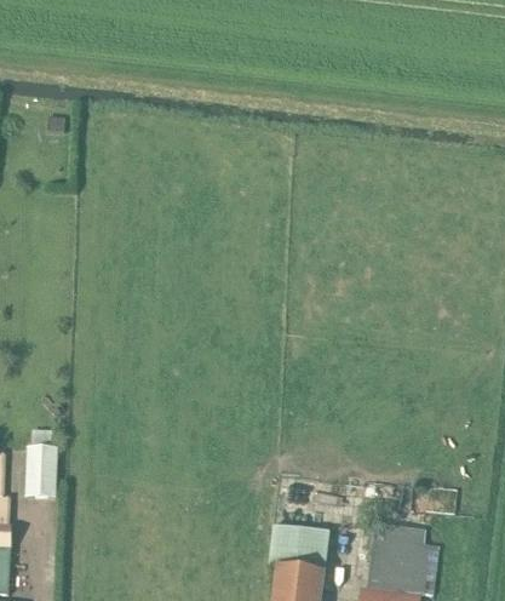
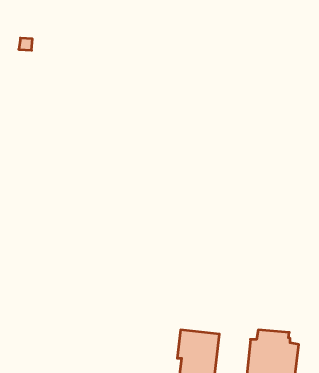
building: [24,446,57,498] -> none

